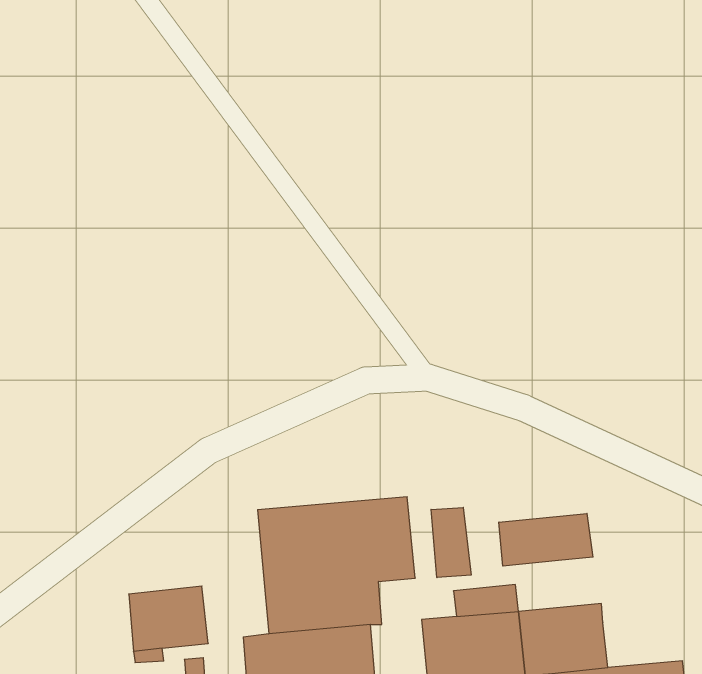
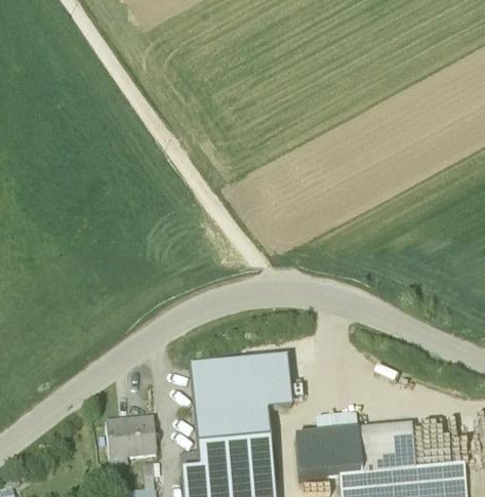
building: [431,507,471,578] -> none
building: [499,513,593,566] -> none

